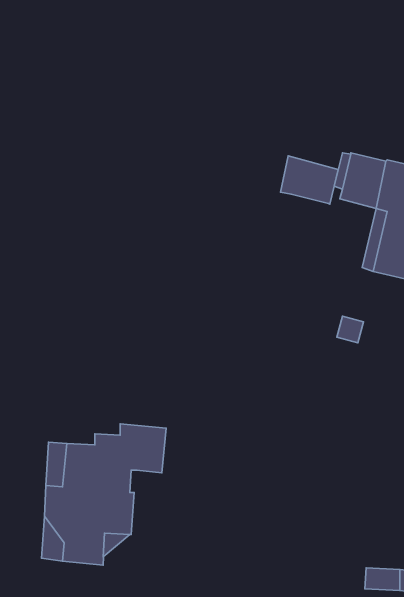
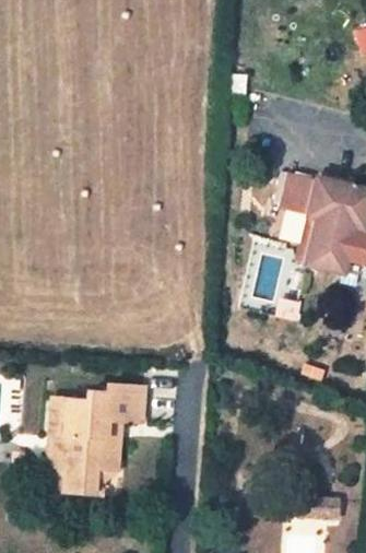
building: [281,156,338,204] -> none

